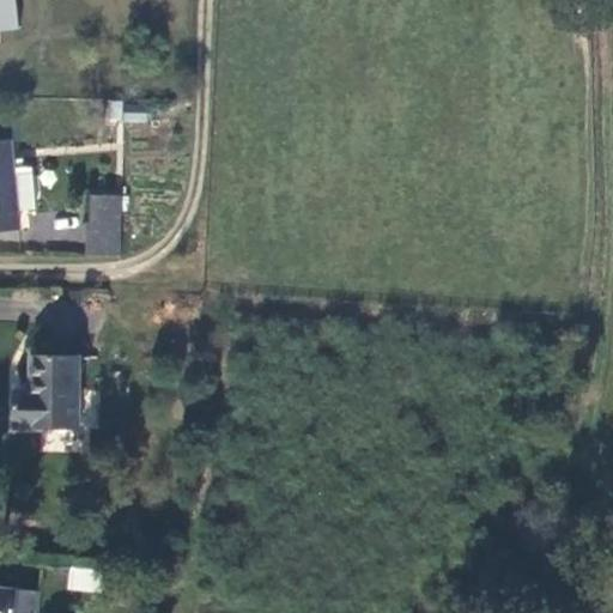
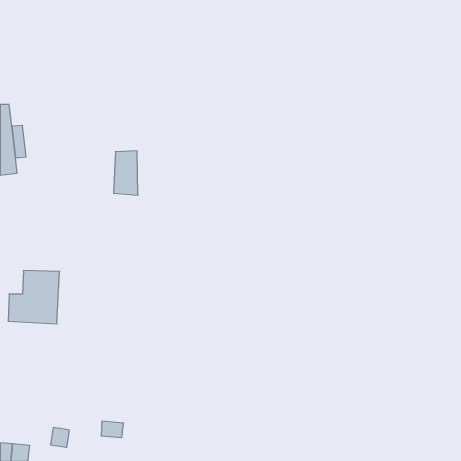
building: [86,196,119,255] -> [114,151,138,195]

